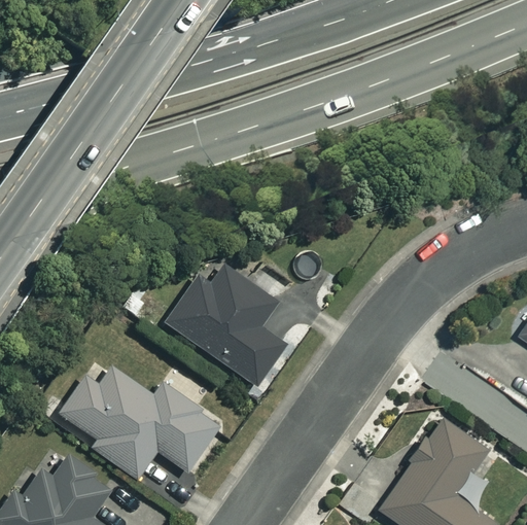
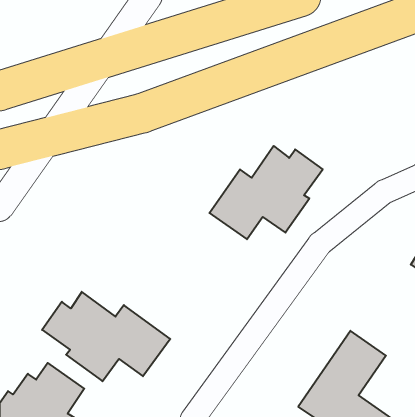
building: none -> [209,146,323,239]
building: [169,260,287,387] -> none

